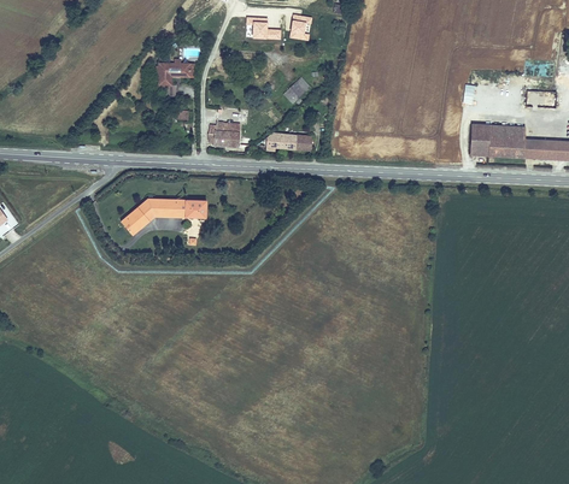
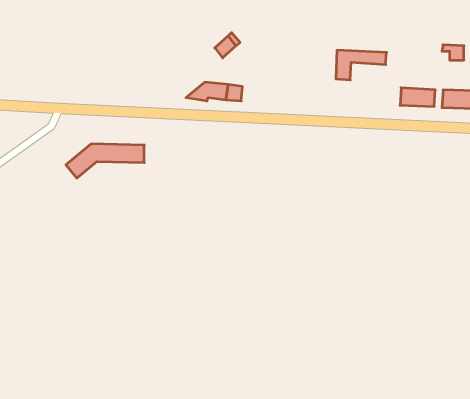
building: [159,64,189,96] -> none
building: [210,119,240,144] -> none
building: [470,124,526,157] -> [336,50,387,80]

